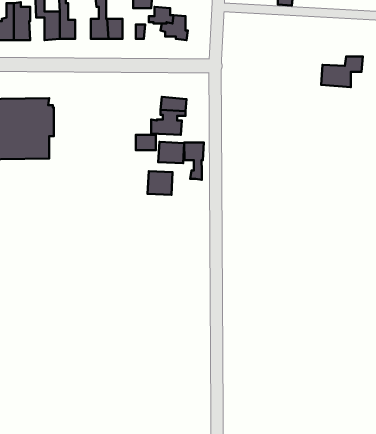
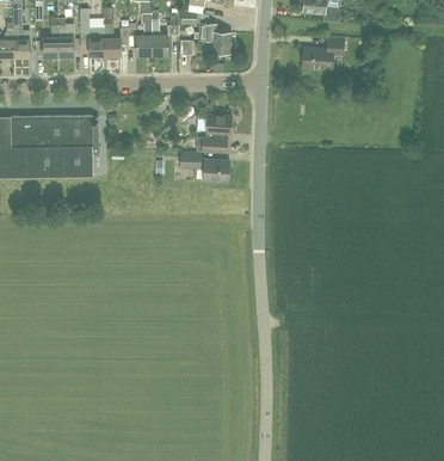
building: [321,56,363,87] -> [302,38,344,69]
building: [184,142,204,180] -> none
building: [148,171,173,195] -> none

